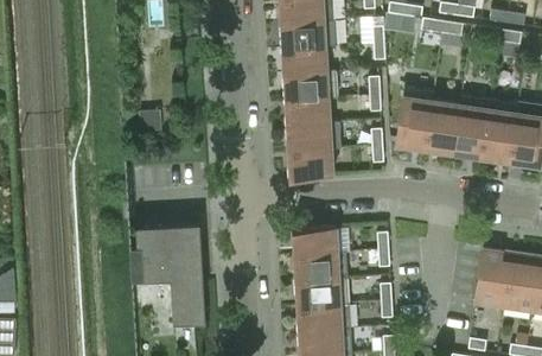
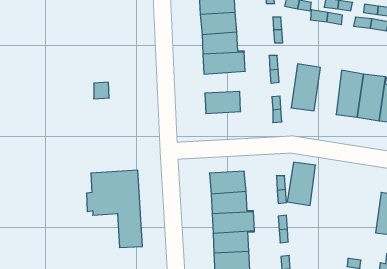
building: [426,93,461,153] -> none
building: [283,97,337,126] -> none
building: [286,150,333,178] -> none
building: [476,250,512,306] -> [287,162,316,205]

